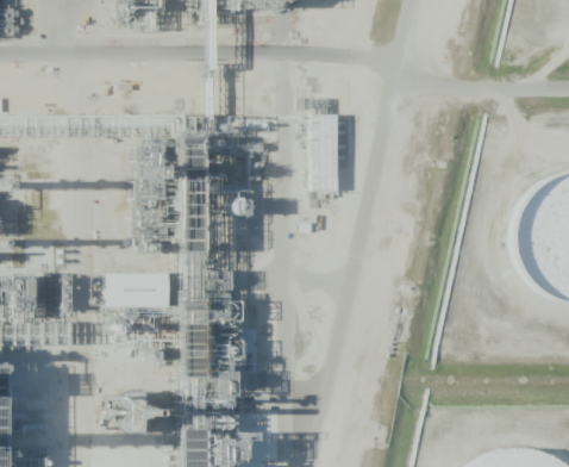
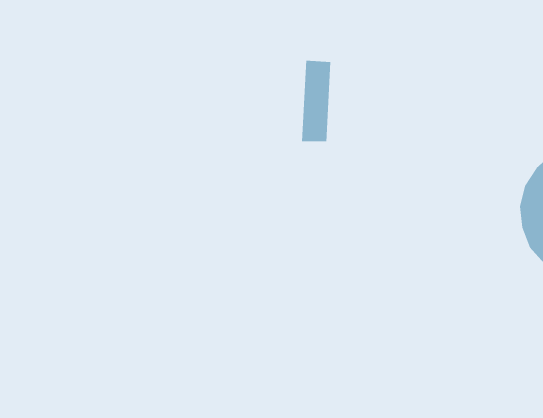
building: [108,275,170,305] -> none

